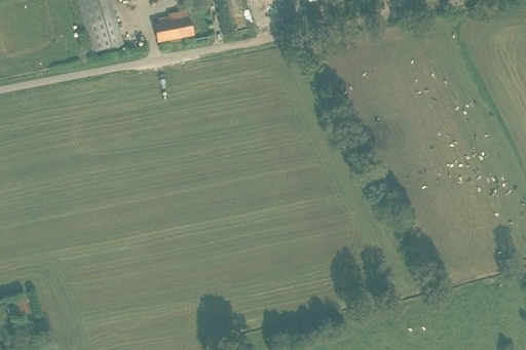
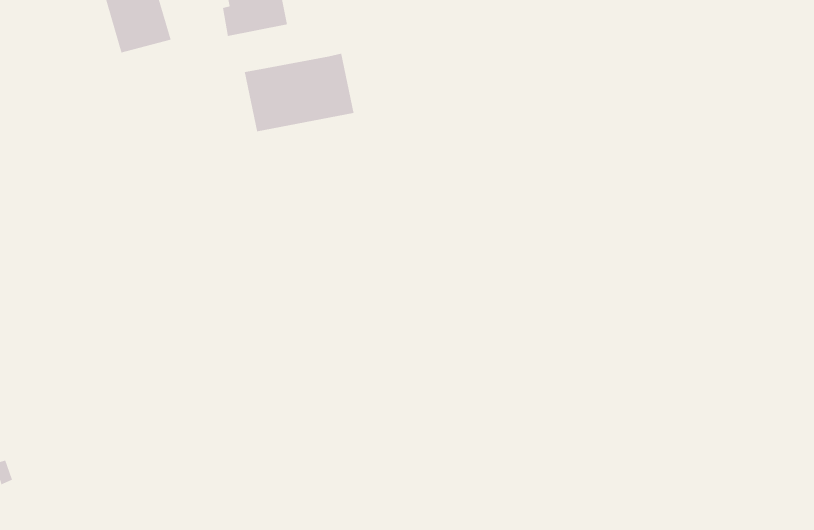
building: none -> [244,53,354,132]

